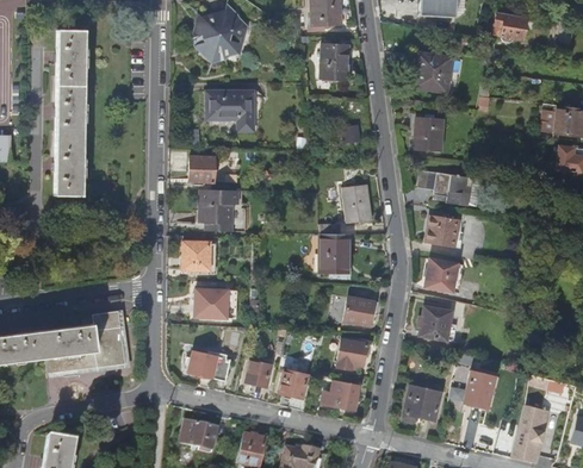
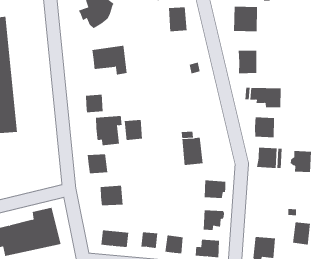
building: [342,183,372,221] -> none
building: none -> [124,119,143,141]
building: [417,305,451,339] -> [290,150,312,173]

